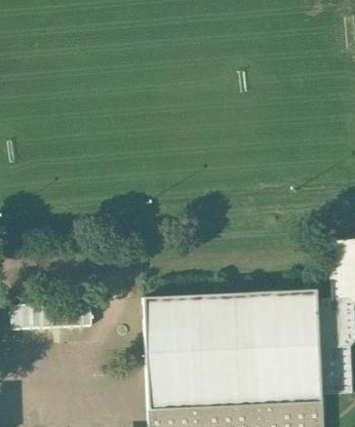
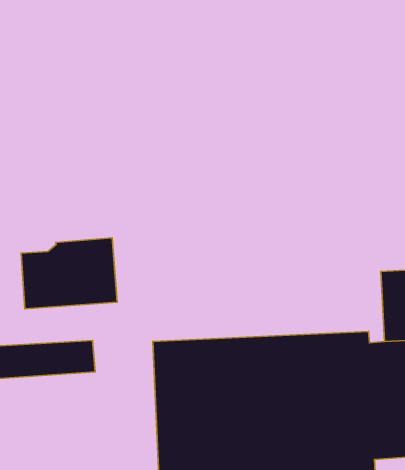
building: none -> [21,238,117,309]

